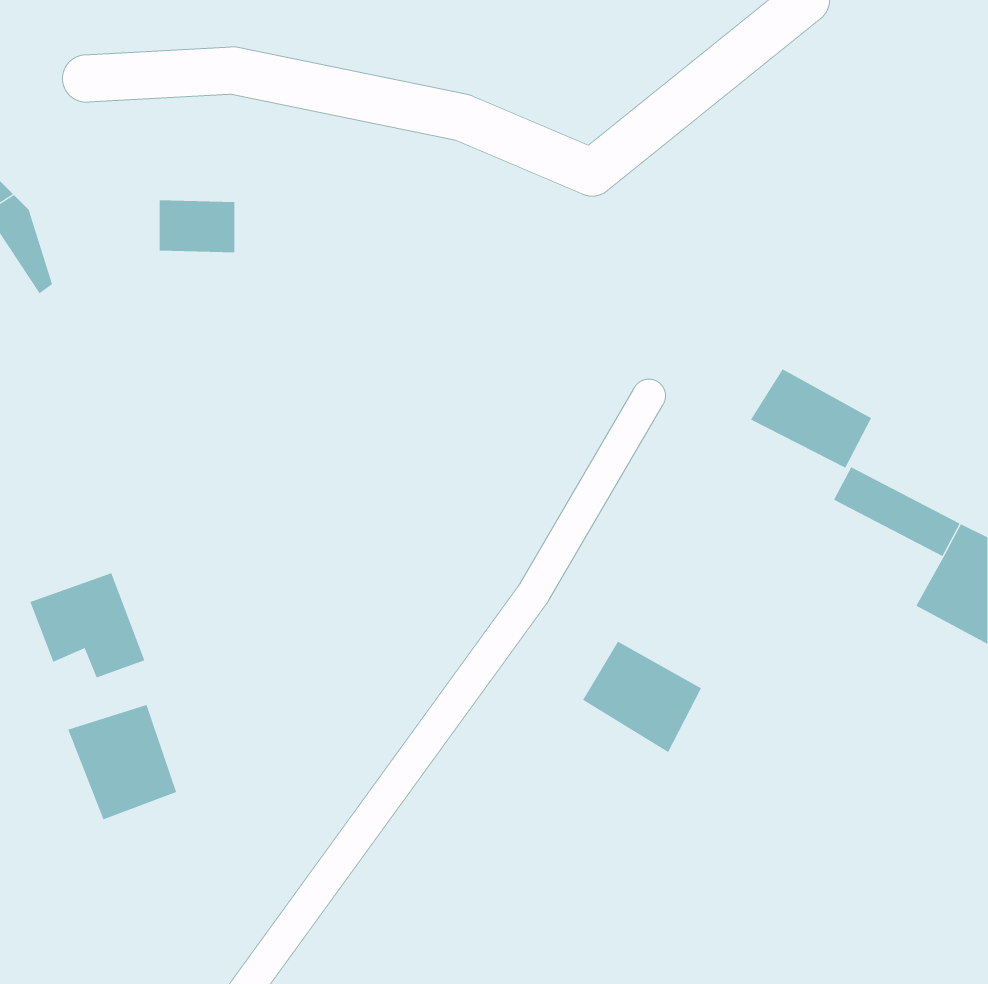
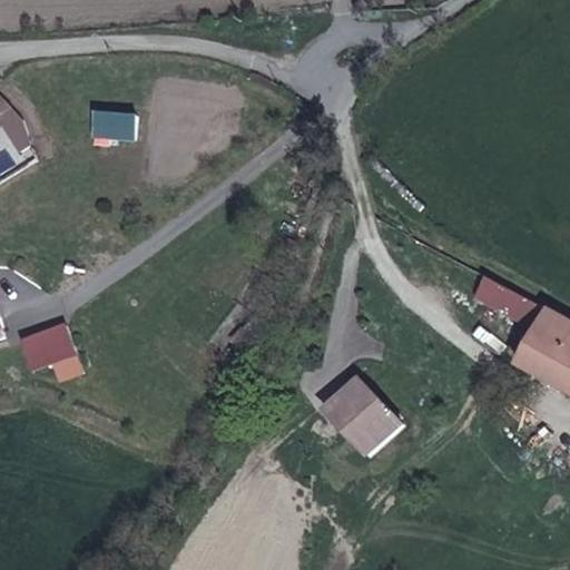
building: [750,369,872,468] -> none
building: [68,704,177,820] -> none

